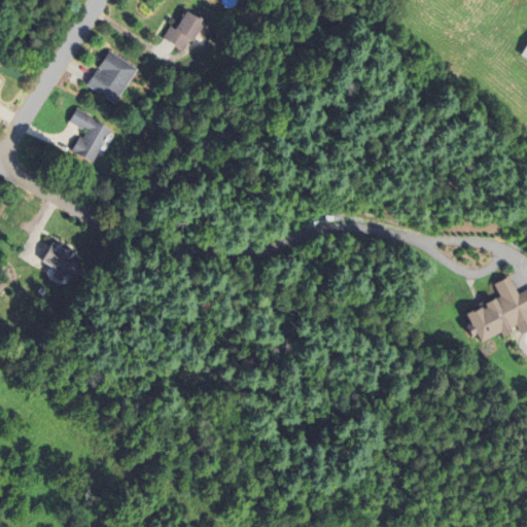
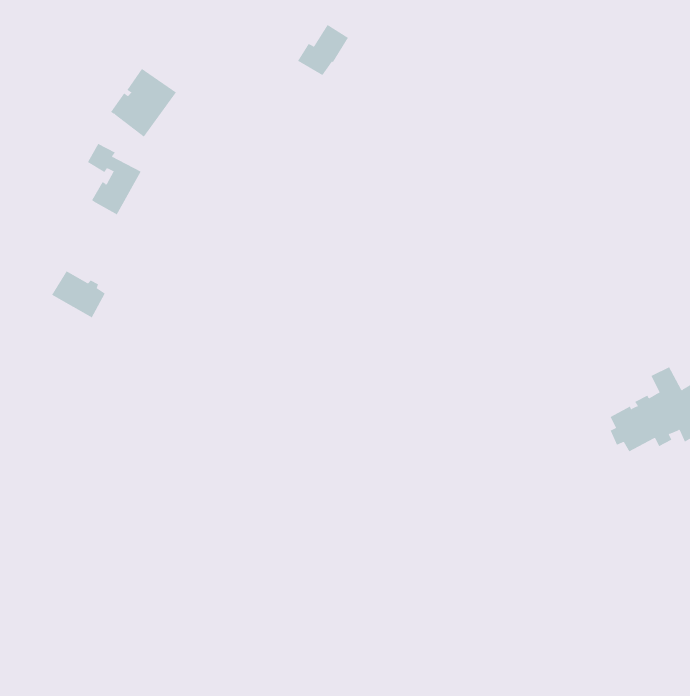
building: [164,11,203,50] -> [297,24,349,76]
building: [42,243,83,279] -> [51,270,106,318]

